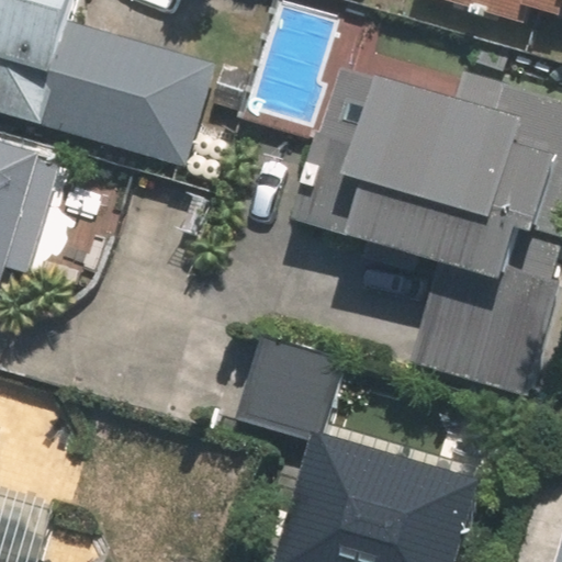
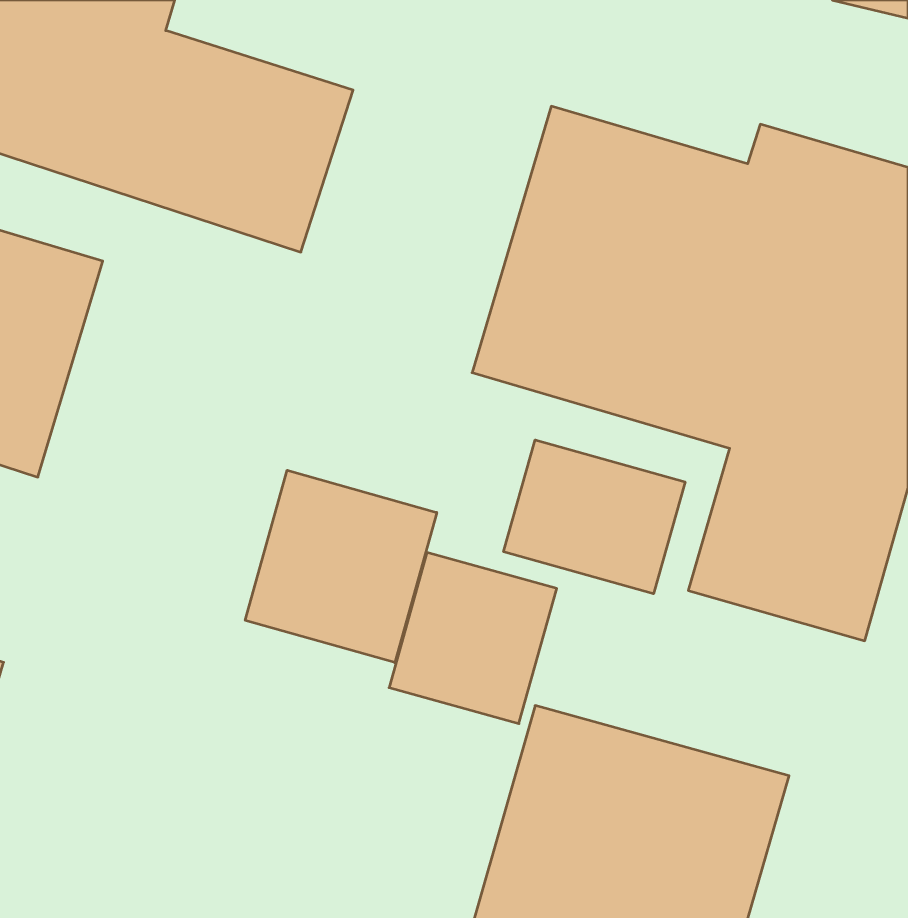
building: none -> [504,440,685,594]
building: none -> [245,470,437,663]

